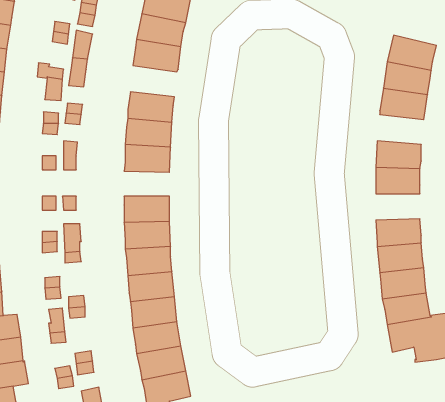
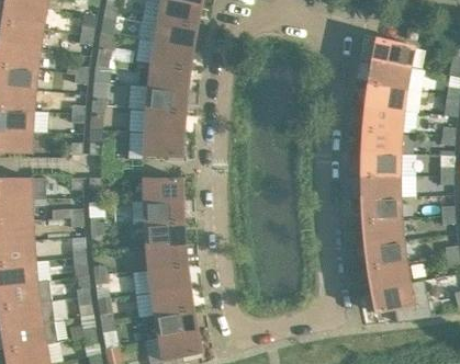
building: none -> [146,62,187,90]
building: none -> [361,105,402,132]
building: none -> [359,174,399,197]

